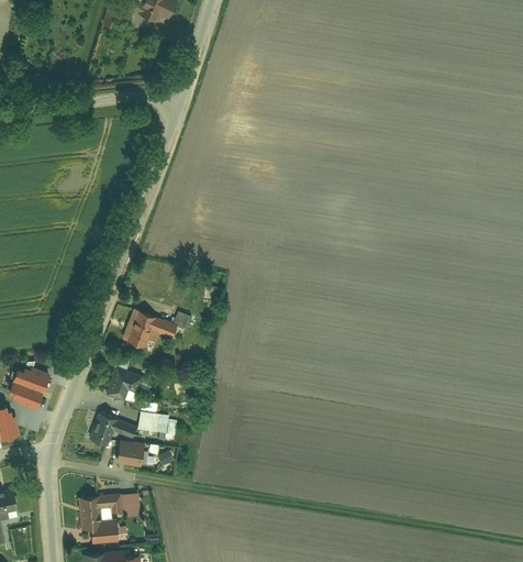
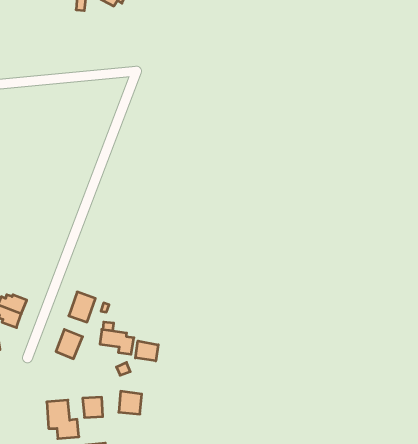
building: [123,309,176,349] -> none
building: none -> [135,341,158,361]
building: [114,440,142,467] -> [119,391,142,414]

